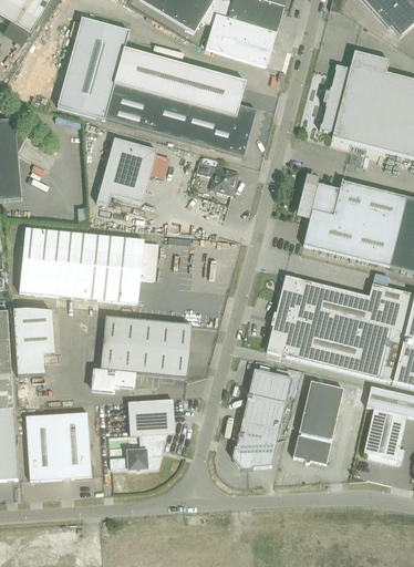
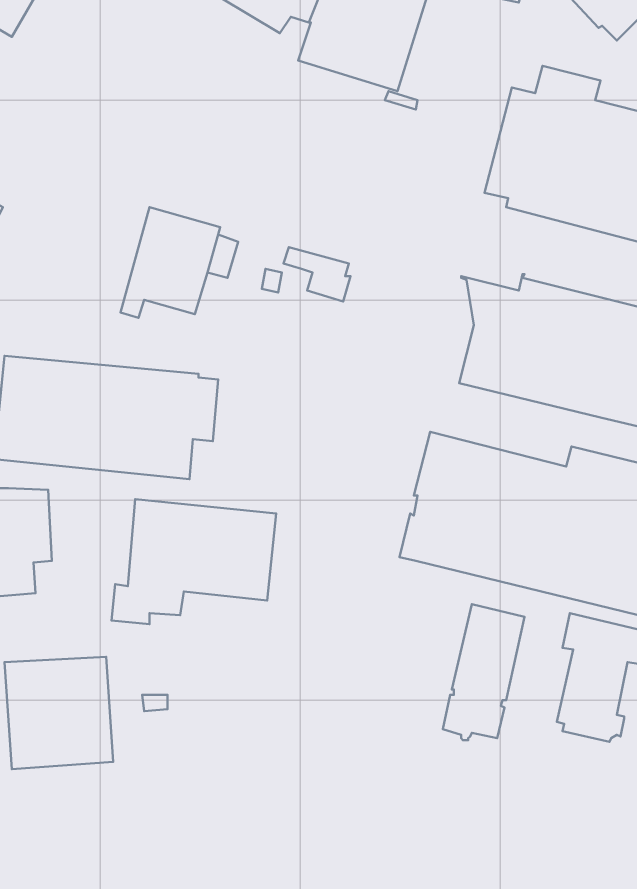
building: [58,17,256,155] -> none
building: [232,368,292,468] -> none
building: [110,398,174,468] -> none

